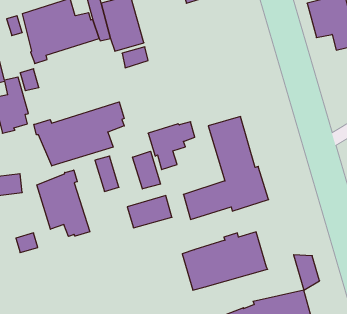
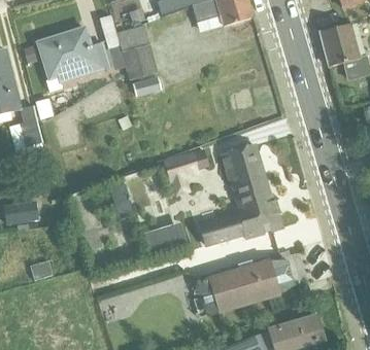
building: [34,102,124,166] -> none
building: [133,151,161,189] -> none
building: [37,170,90,236] -> none
building: [294,255,320,290] -> [269,257,295,292]

